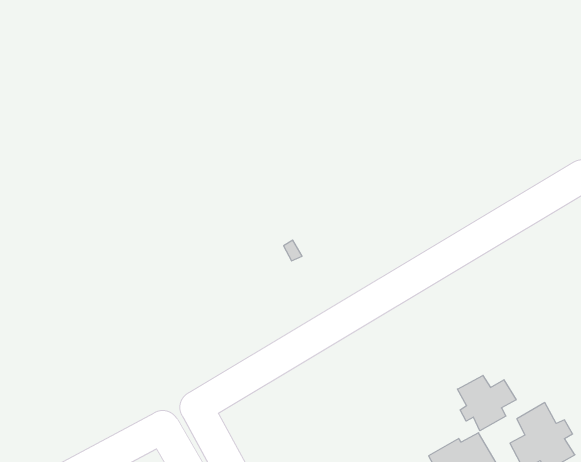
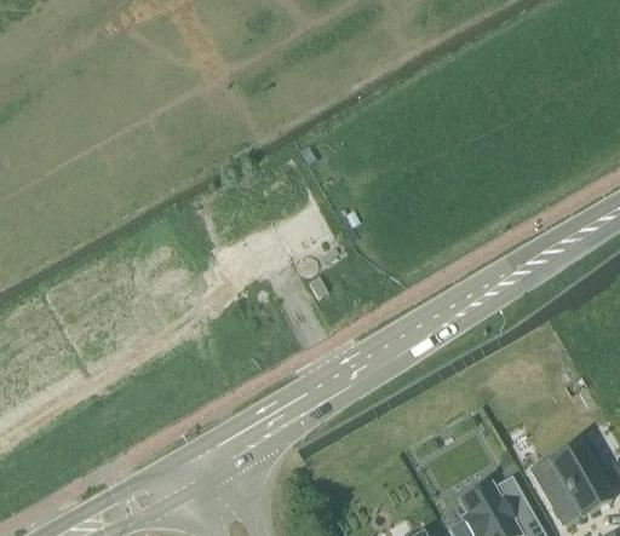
building: [457,375,516,431] -> none

